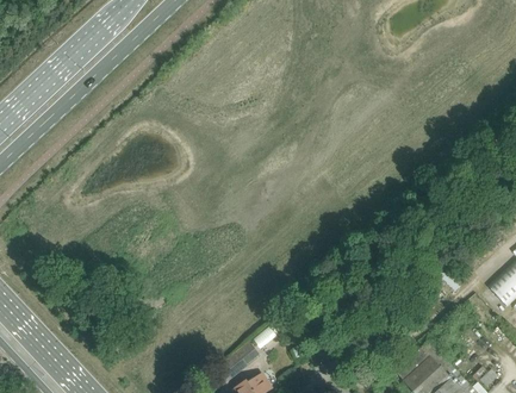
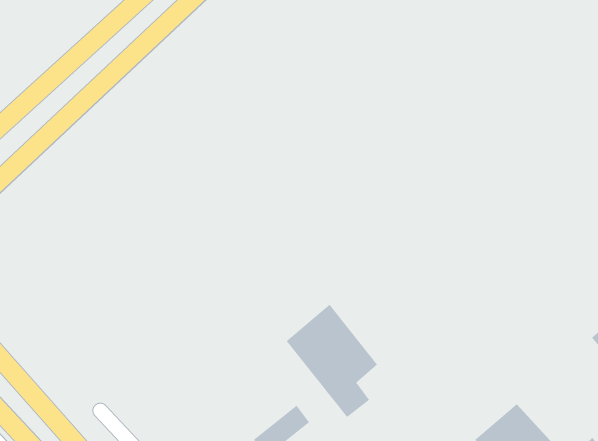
building: none -> [286,304,378,418]

